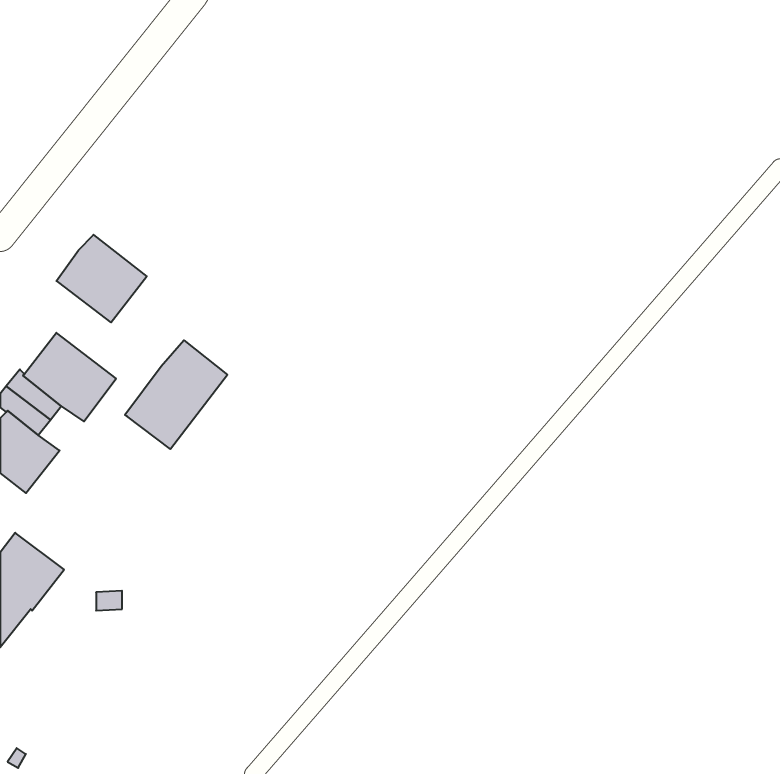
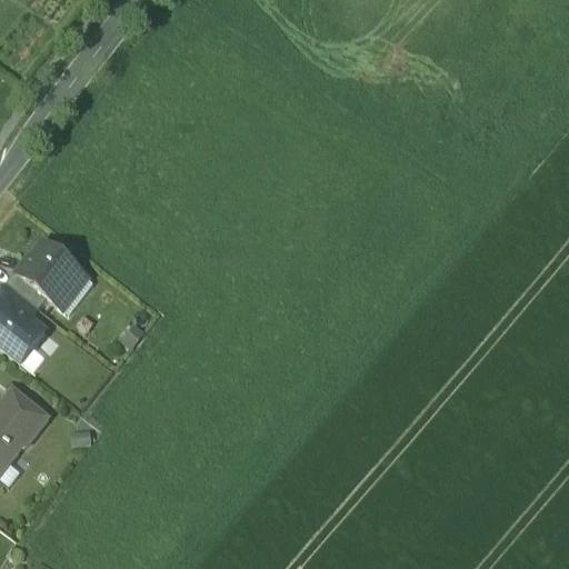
building: [56,235,147,322] -> none
building: [125,340,227,449] -> none

